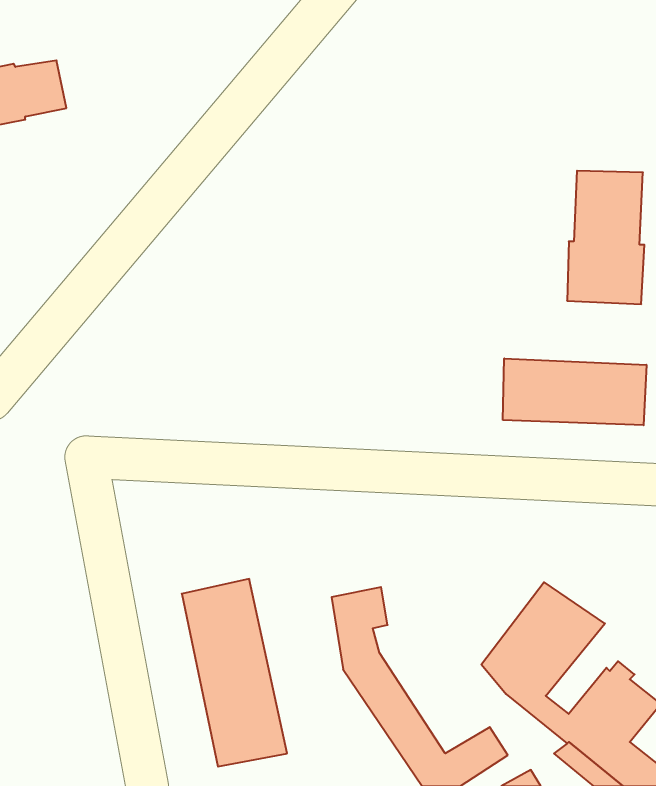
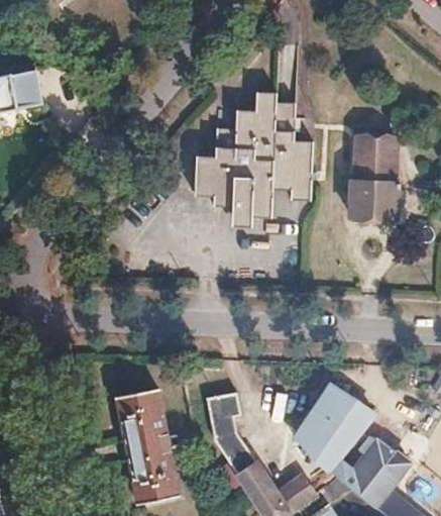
building: none -> [185,88,314,215]
building: [503,358,646,425] -> none

